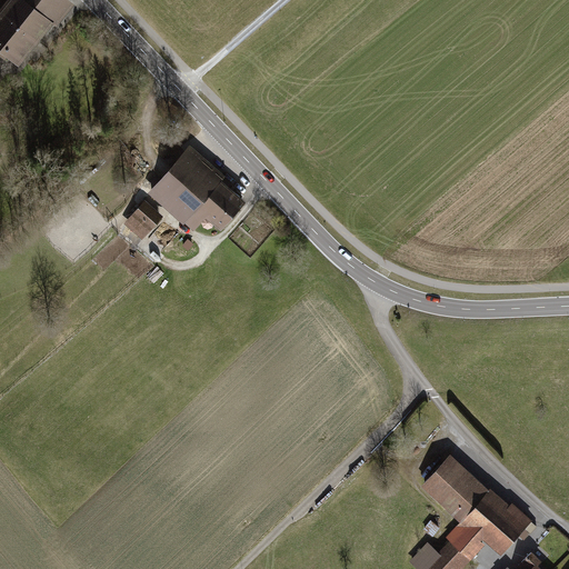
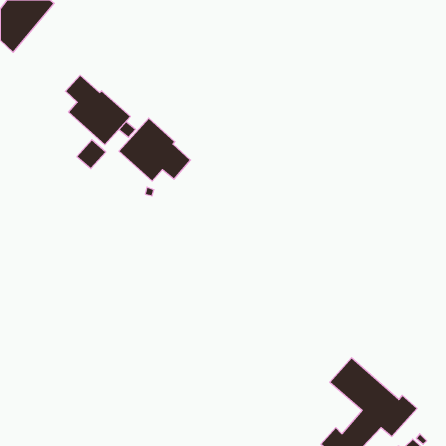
building: none -> [65,75,130,145]
building: [127,203,163,240] -> [77,140,106,169]

